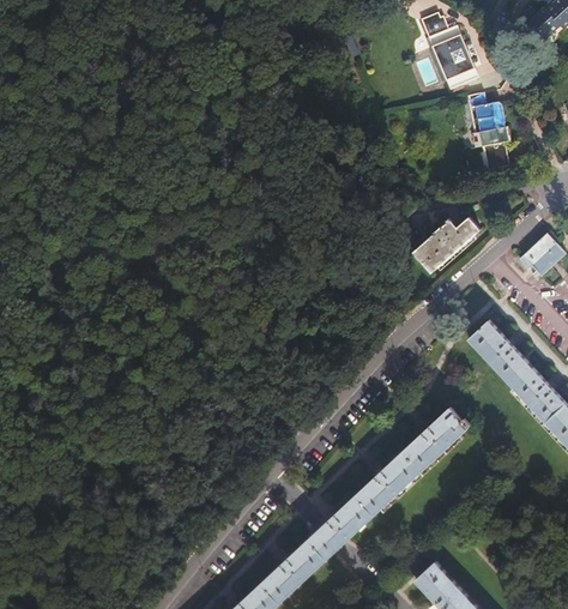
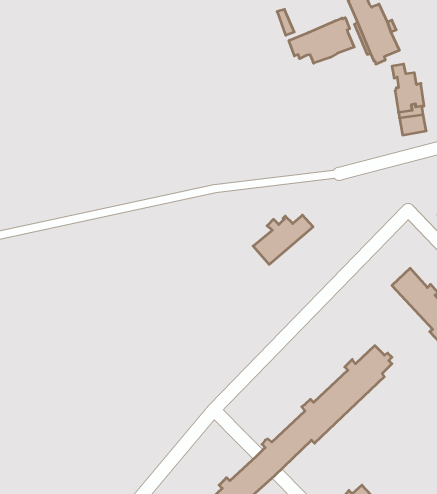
building: none -> [289,18,354,63]
building: [412,217,479,272] -> [253,215,313,264]

